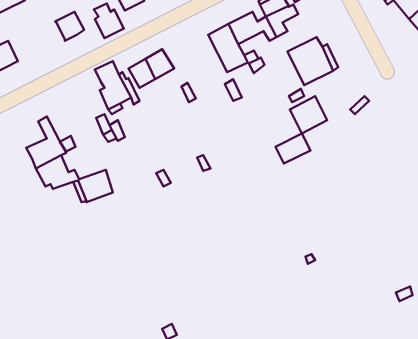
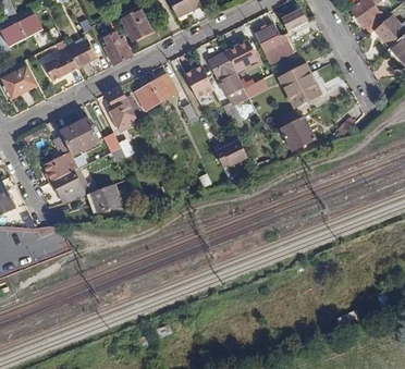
building: none -> [44,47,77,79]
building: none -> [185,65,213,98]
building: none -> [59,116,100,156]
building: [275,134,310,164] -> [217,143,248,170]

